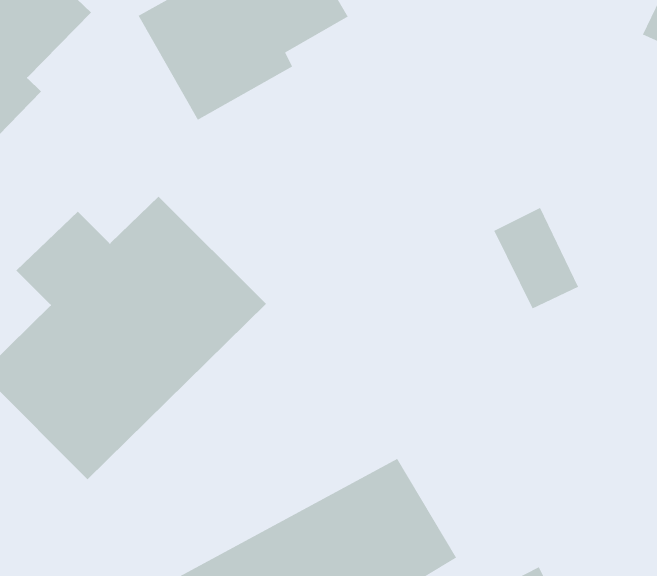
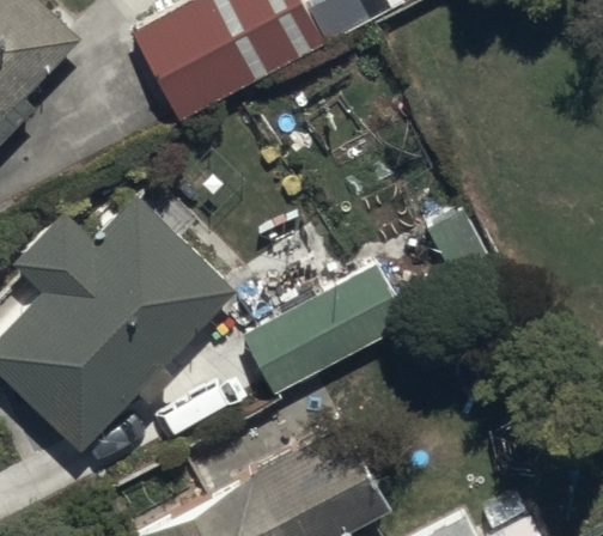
building: none -> [240,267,410,397]

